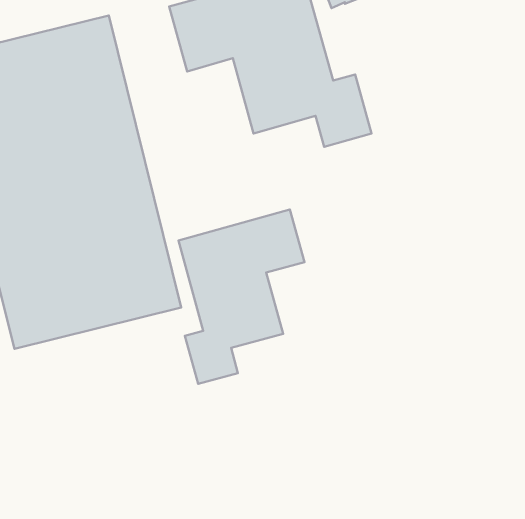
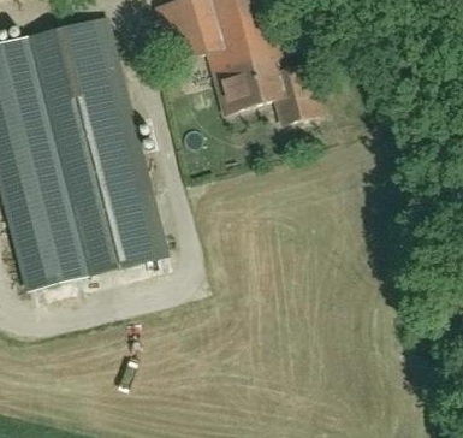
building: [178,210,305,384] -> none

